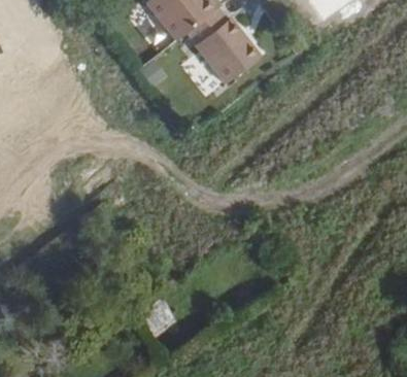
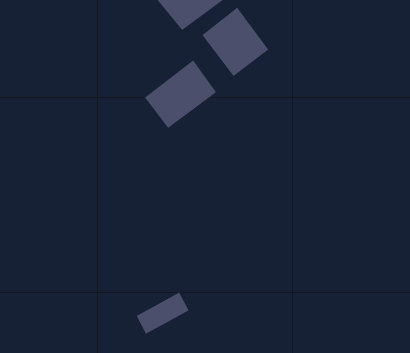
building: none -> [144,60,217,129]

